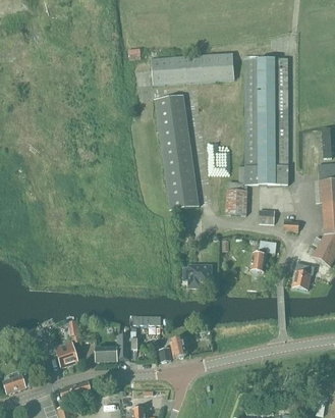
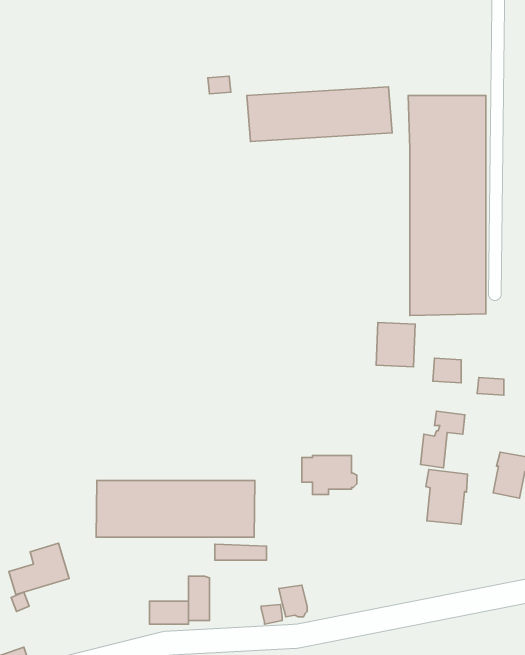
building: [155,94,201,208] -> none
building: none -> [426,469,468,524]
building: none -> [96,480,255,537]
building: [43,341,77,370] -> [9,543,69,594]

